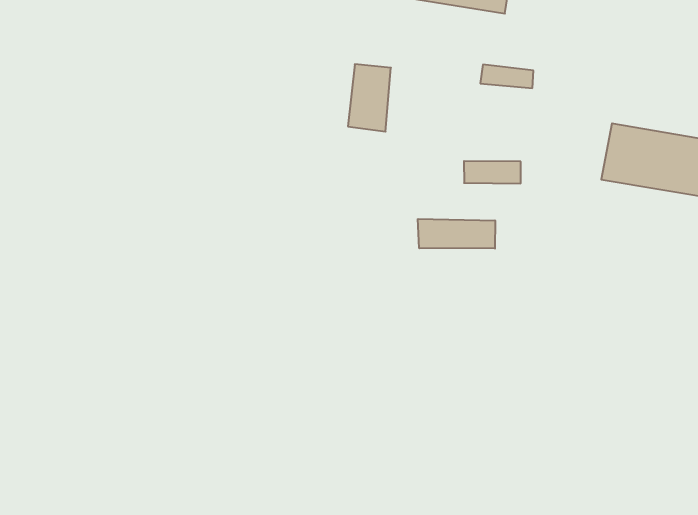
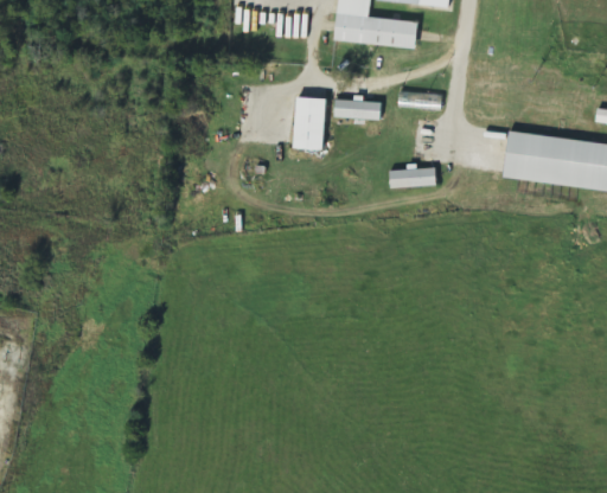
building: none -> [334,97,382,117]
building: [418,219,495,249] -> none

